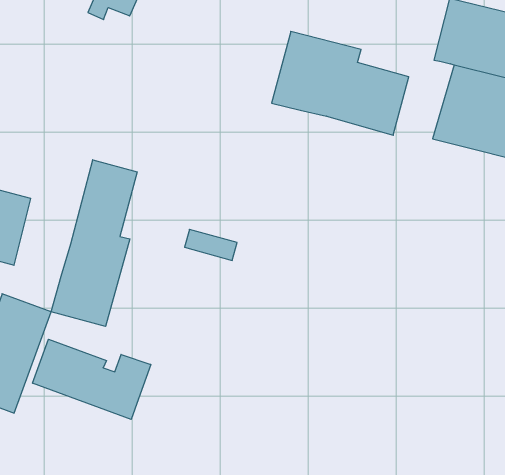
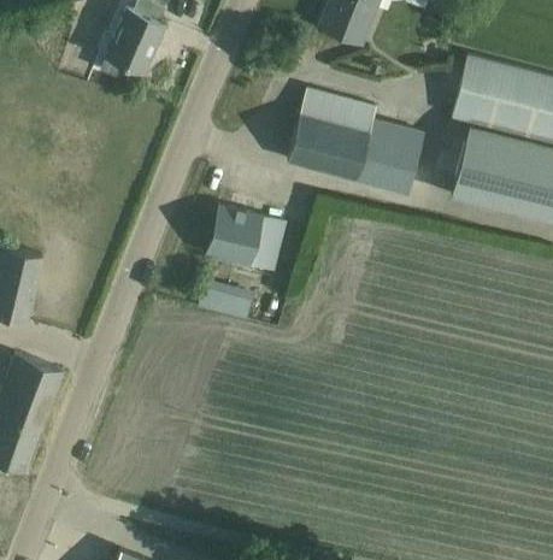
building: none -> [206,205,287,271]
building: [51,160,137,326] -> none
building: [33,339,151,419] -> none

